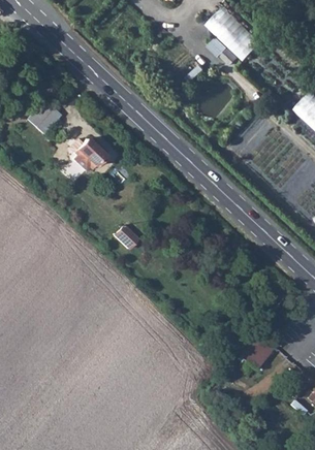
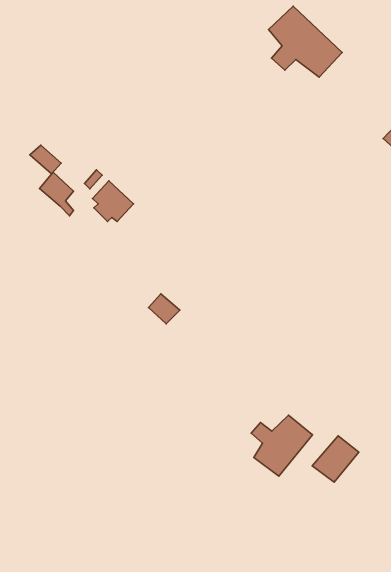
building: [34,101,60,134] -> [40,172,74,216]
building: none -> [251,415,313,476]

